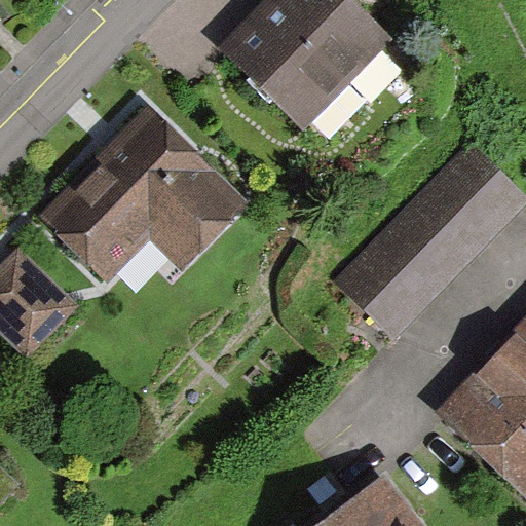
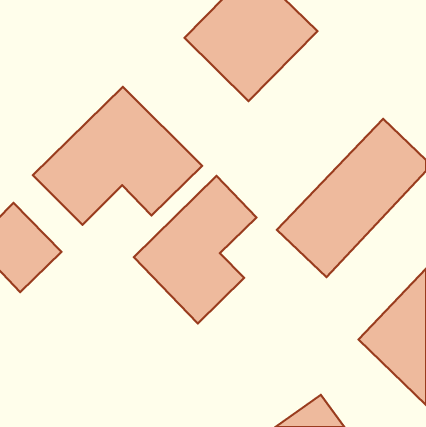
building: none -> [134,176,257,323]

